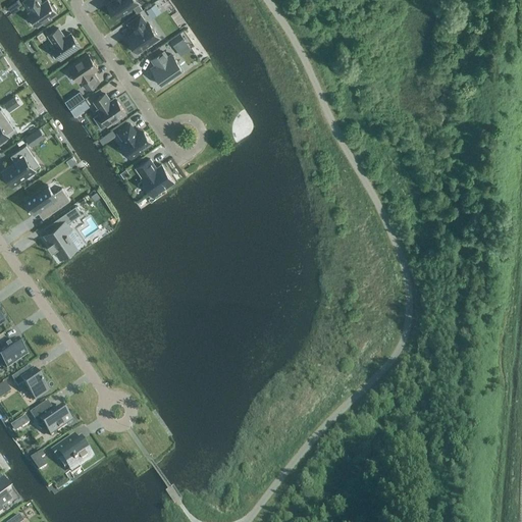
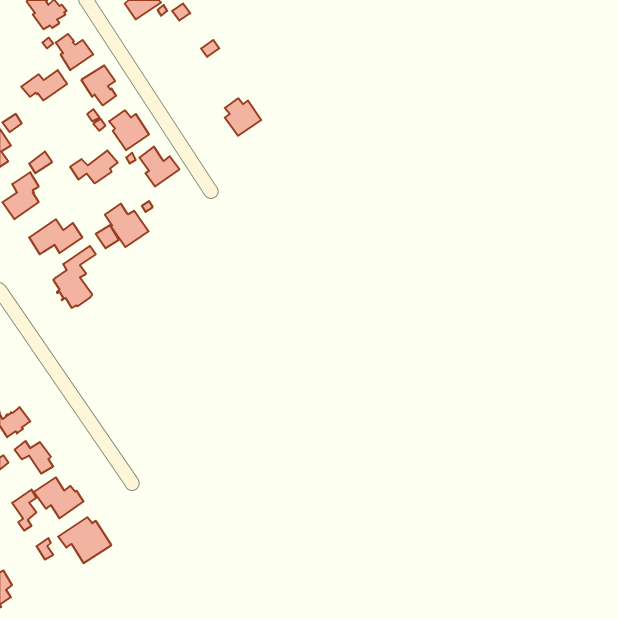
building: [125,13,159,53] -> none
building: [151,52,181,84] -> [225,98,261,136]
building: none -> [21,70,67,100]
building: none -> [70,150,118,183]
building: [136,159,172,196] -> [105,204,149,247]

